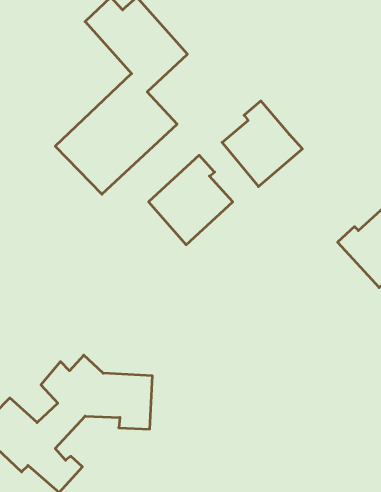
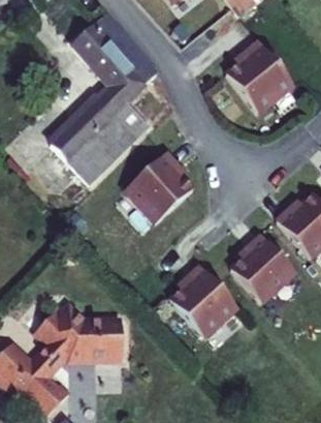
building: [222,101,302,187] -> [230,41,294,110]
building: none -> [230,232,297,303]
building: none -> [168,263,236,334]

